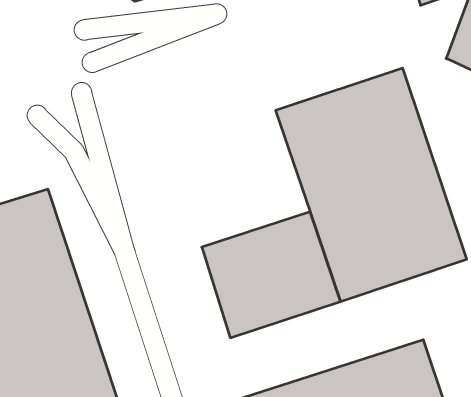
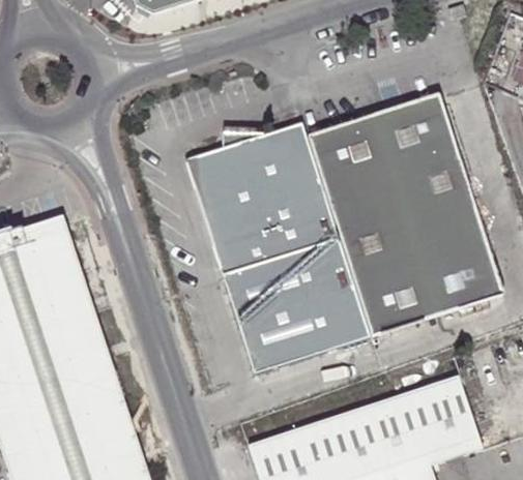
building: none -> [184,120,339,278]

